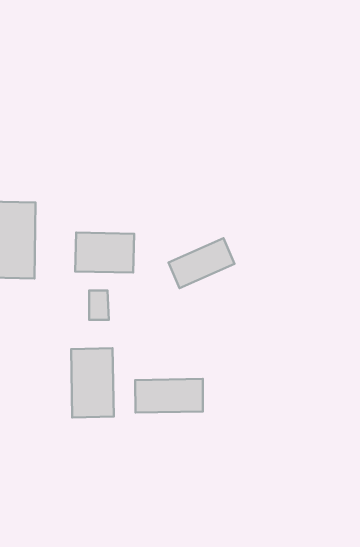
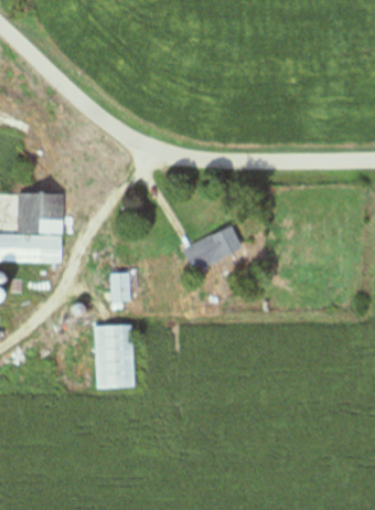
building: [75,233,134,273] -> none
building: [135,379,203,413] -> none

